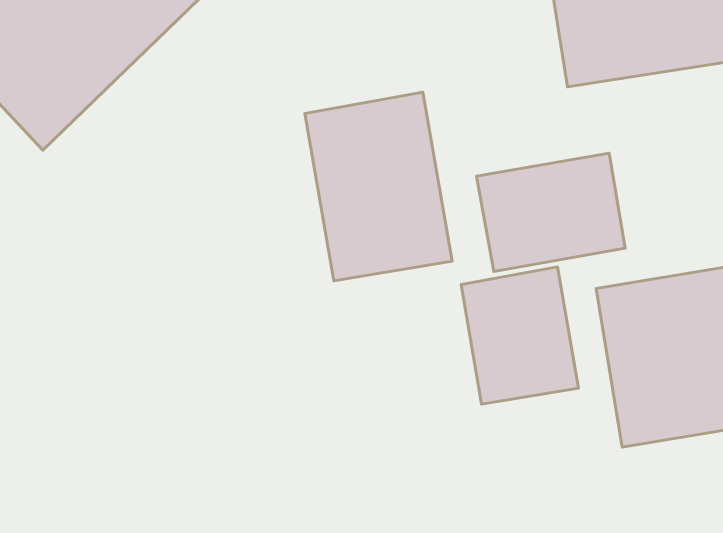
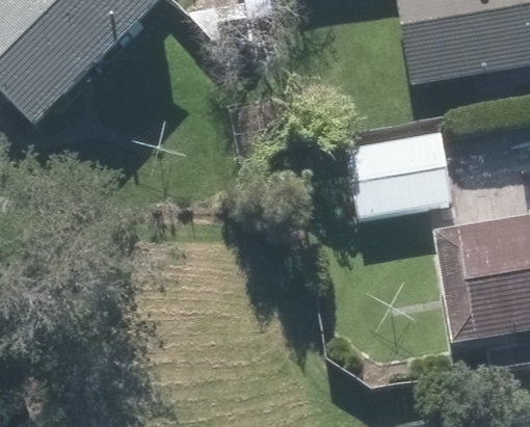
building: [305,92,452,281] -> none
building: [461,267,579,404] -> none

